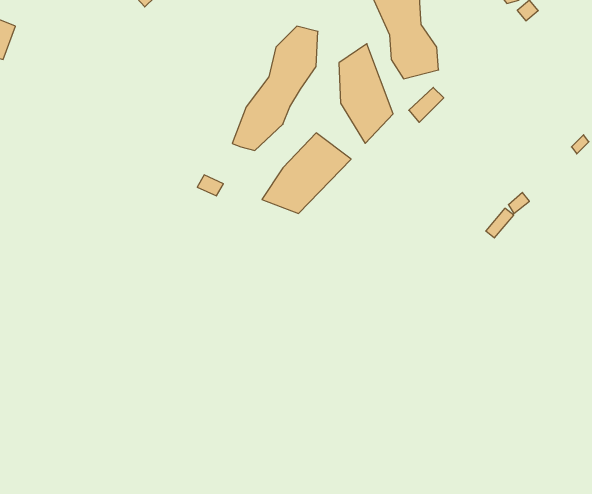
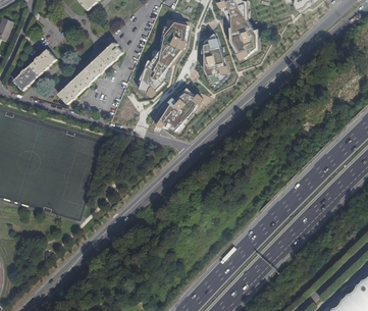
building: none -> [57,42,121,104]
building: none -> [13,49,55,90]

